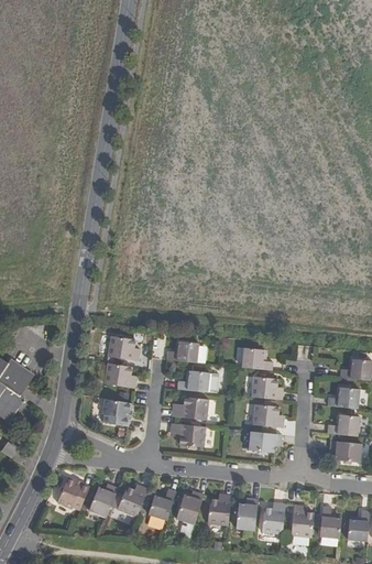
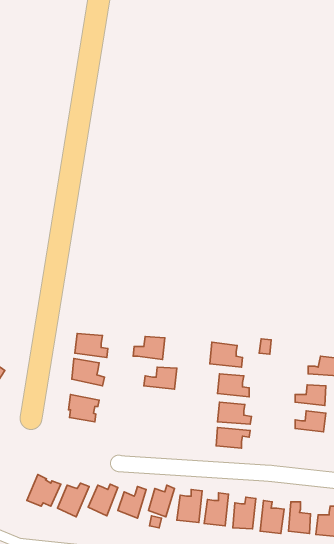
building: [167,397,204,419] -> none
building: [166,423,203,447] -> none
building: [327,440,359,463] -> none

